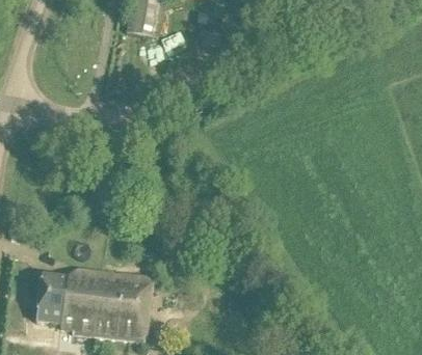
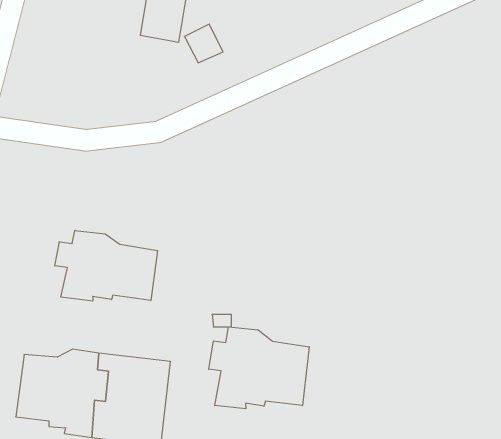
building: none -> [55,230,158,301]
building: none -> [209,327,309,409]

